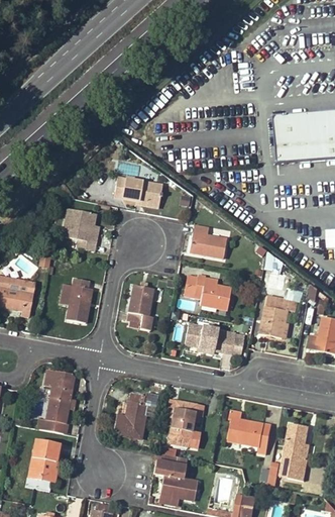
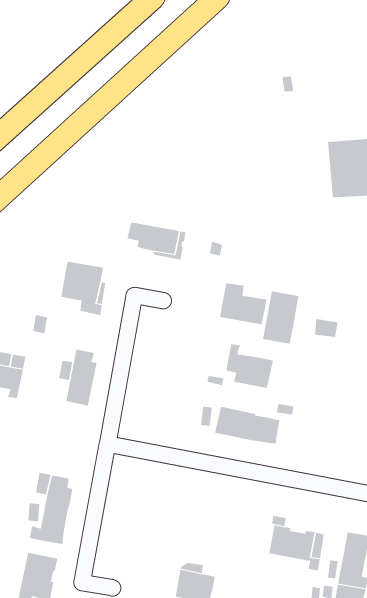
building: [126,284,154,330] -> none
building: [261,295,291,337] -> [262,291,299,344]
building: [113,393,147,439] -> none
building: [167,399,203,448] -> none

